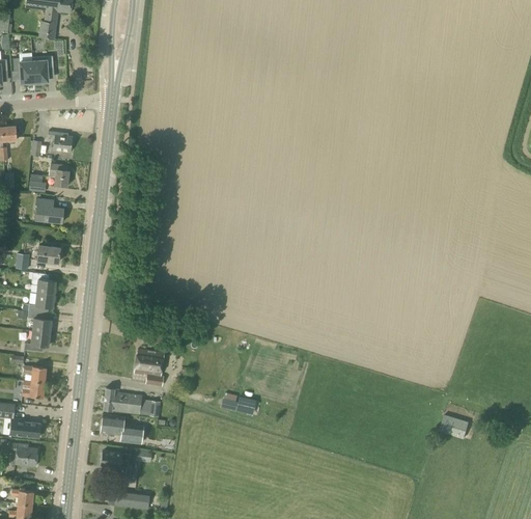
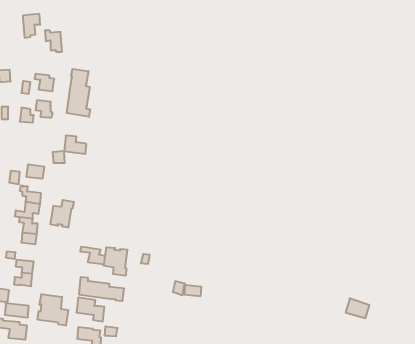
building: [13,58,35,85] -> [45,30,62,52]
building: none -> [67,69,90,117]
building: [36,199,64,222] -> [64,136,86,154]
building: none -> [50,200,74,228]
building: none -> [80,247,105,264]
building: none -> [38,294,68,326]

